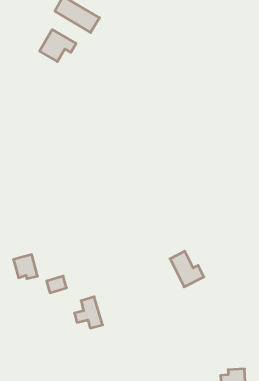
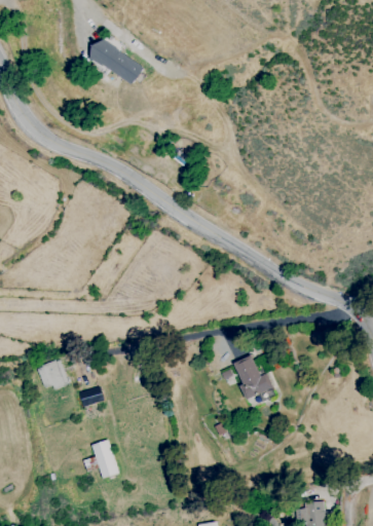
building: [40,30,76,62] -> none
building: [74,297,103,328] -> [84,440,119,479]

